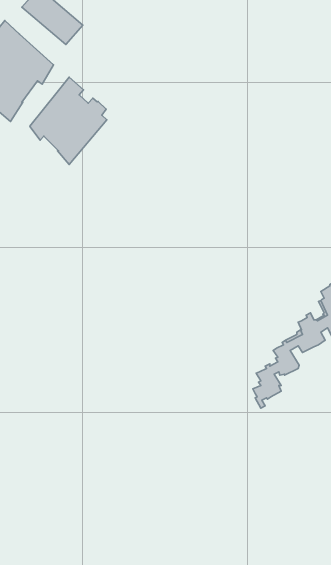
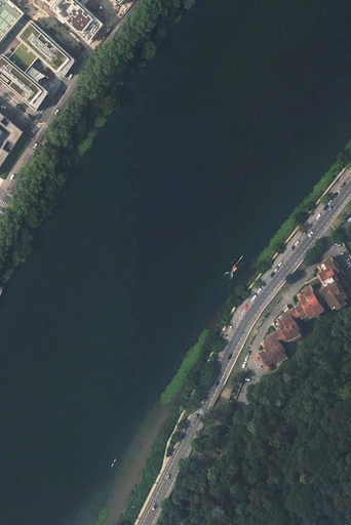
building: [30,77,107,164] -> none

